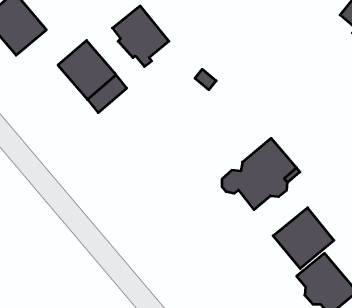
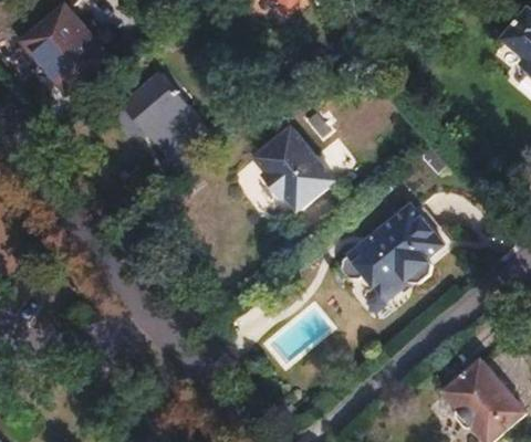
building: [112,6,169,67] -> [251,127,327,209]
building: [273,208,334,269] -> none

